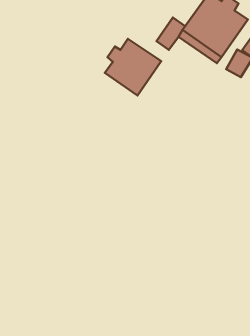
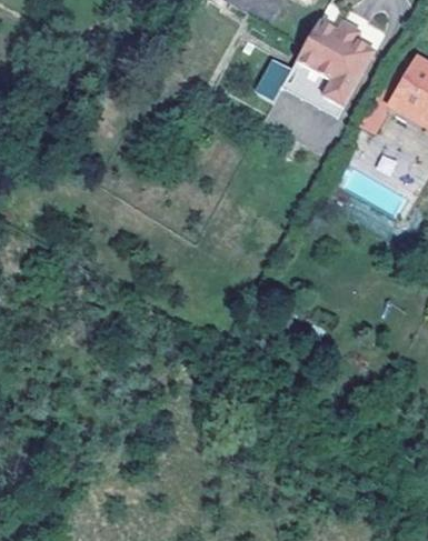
building: [105,39,161,95] -> none

